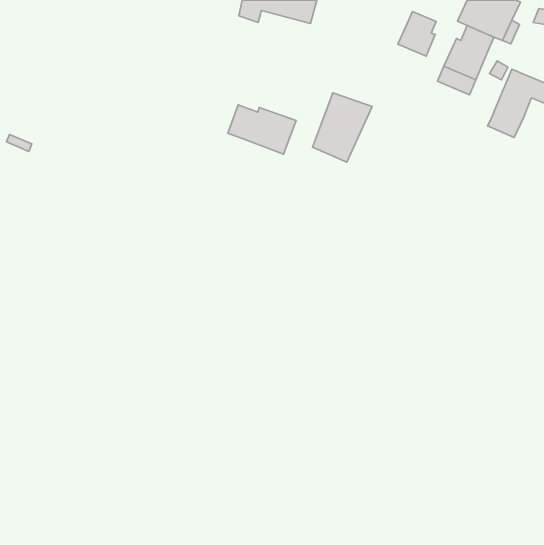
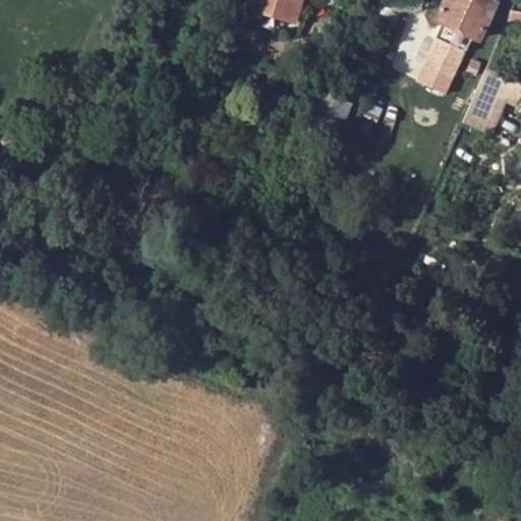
building: [398,12,436,56] -> none
building: [228,105,296,154] -> none

